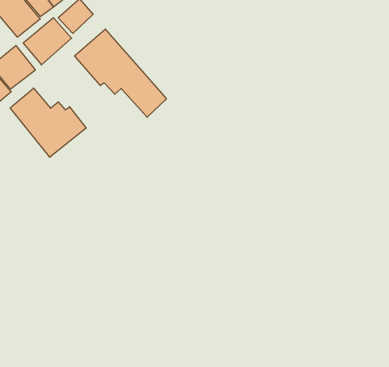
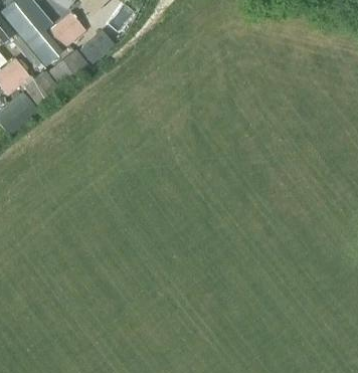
building: [75,29,166,117] -> none
building: [10,88,86,157] -> none

